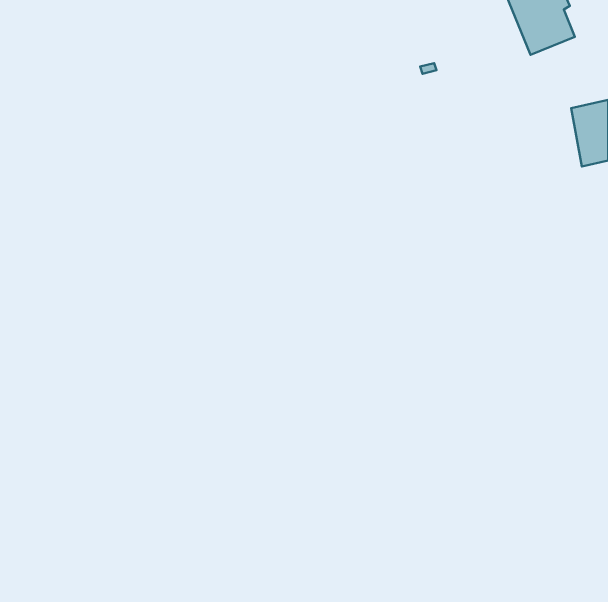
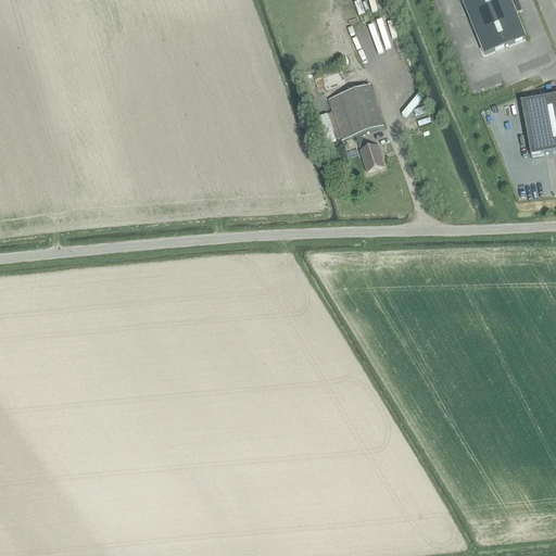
building: none -> [328,81,383,137]
building: none -> [359,140,383,168]

